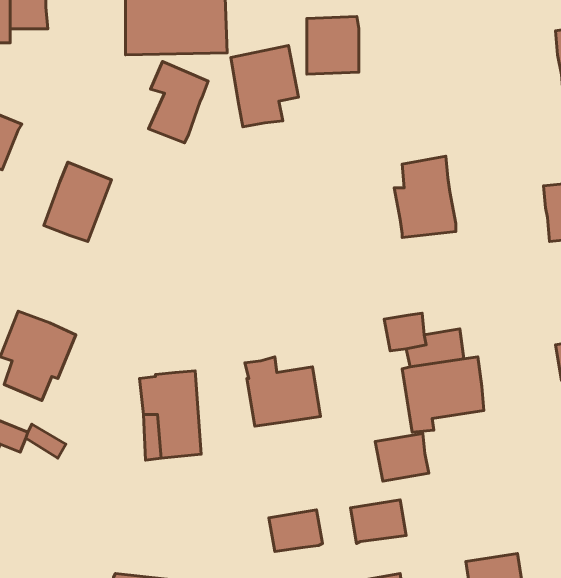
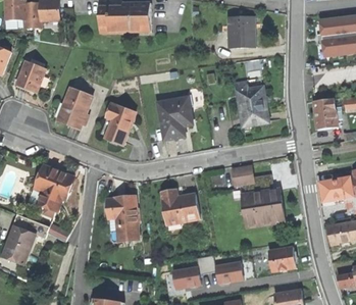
building: [307,17,359,74] -> [227,17,254,47]
building: [231,45,299,127] -> [157,98,192,140]
building: [149,61,208,143] -> [103,104,134,146]
building: [375,434,429,481] -> [267,247,295,271]

